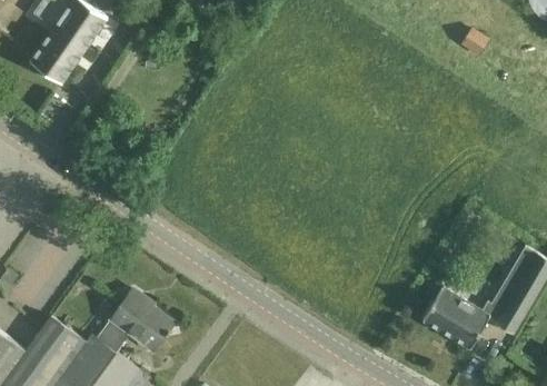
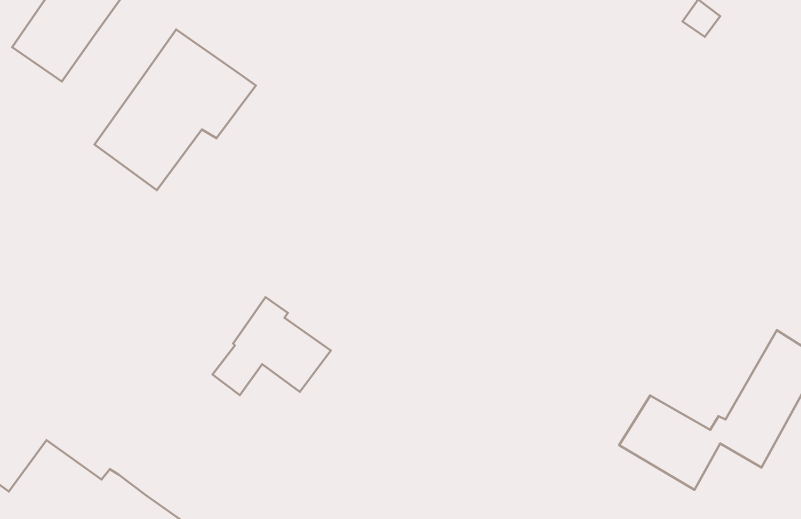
building: none -> [94,29,256,190]
building: [98,288,175,352] -> [212,297,331,395]

